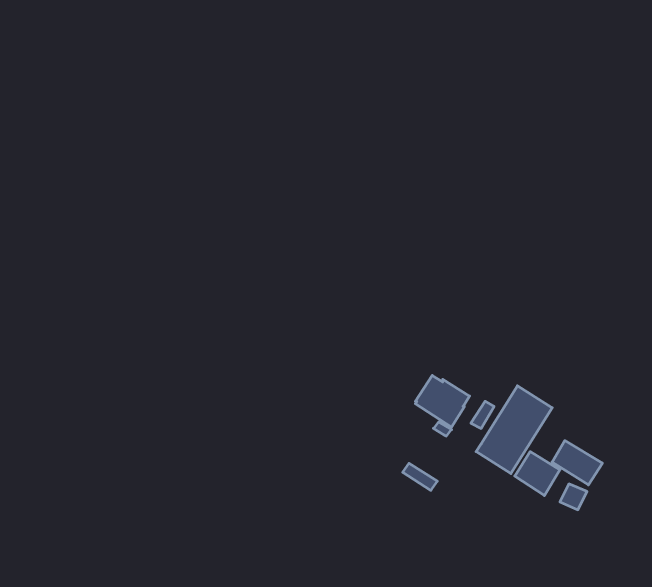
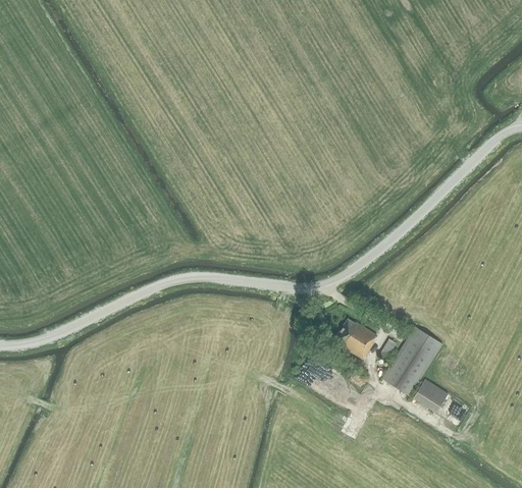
building: [552,441,602,485] -> none

